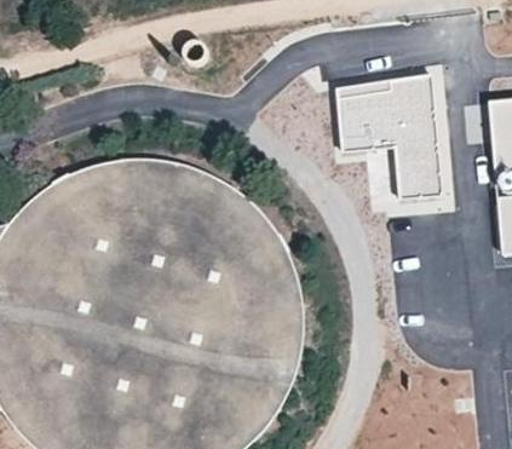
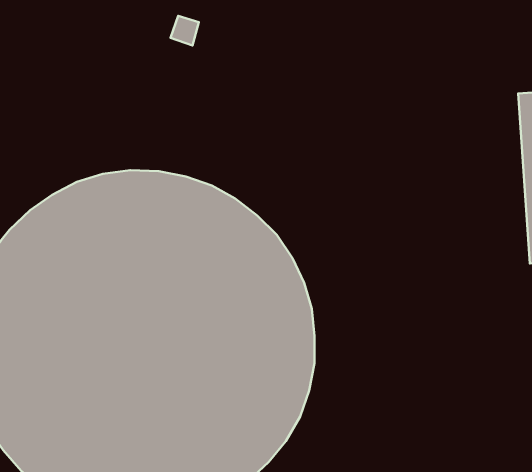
building: [334,74,441,192] -> none

